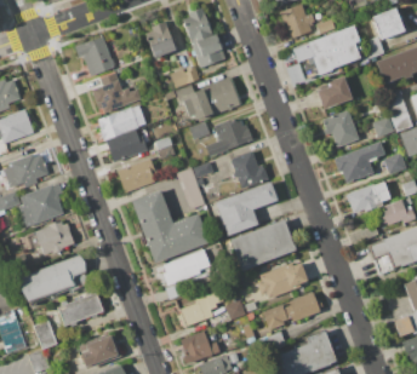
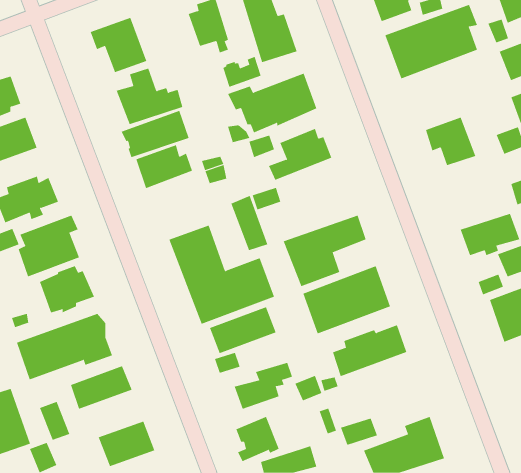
building: [316,76,352,108] -> none
building: [333,140,385,184] -> none
building: [230,151,268,189] -> none
building: [116,159,156,192] -> none
building: [262,292,322,332] -> none

